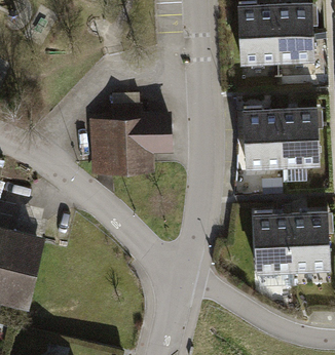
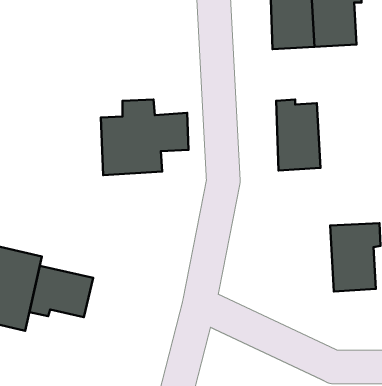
building: [278,108,322,165] -> none
building: [254,212,292,273] -> none
building: none -> [30,266,93,317]

